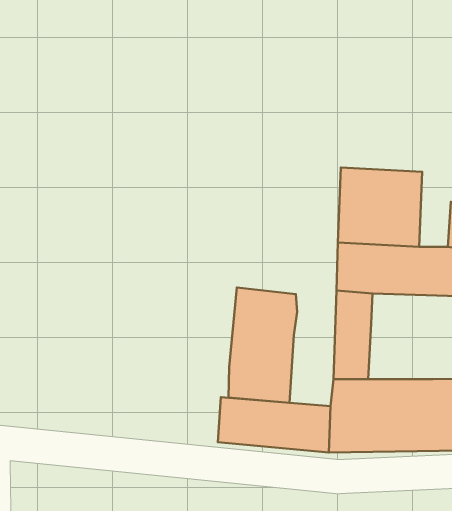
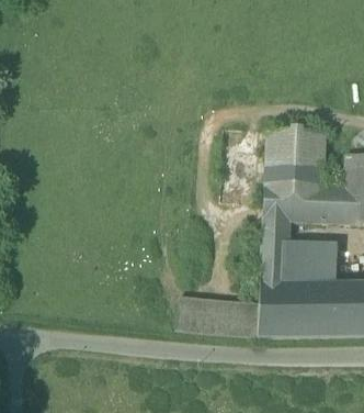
building: [229,288,297,403] -> none
building: none -> [286,242,334,282]

